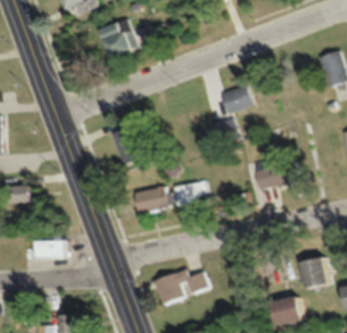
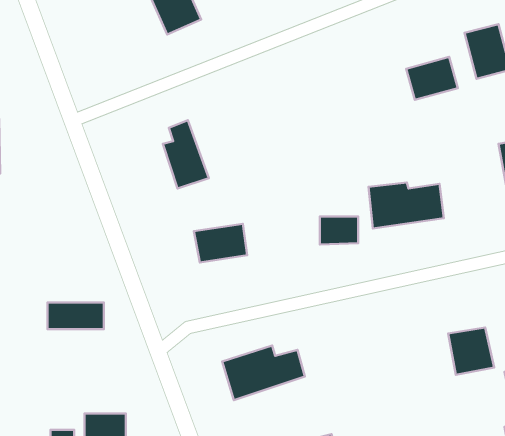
building: [221,84,256,113] -> [406,57,458,100]
building: [7,185,34,202] -> none
building: [172,185,199,204] -> [320,216,358,245]
building: [277,296,310,326] -> none

